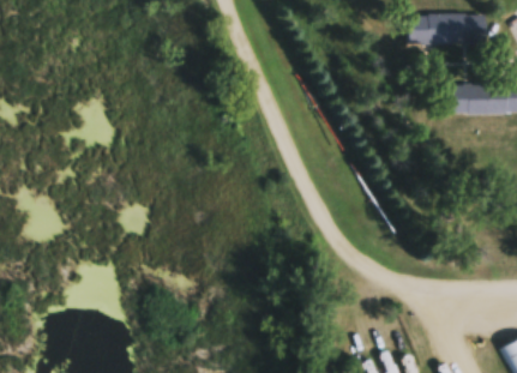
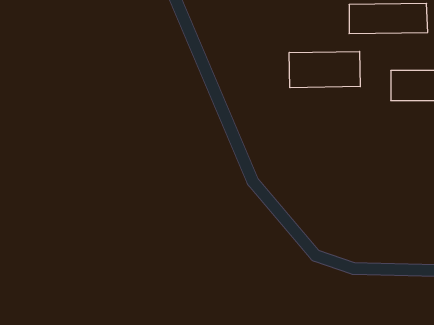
building: none -> [289,51,360,88]

